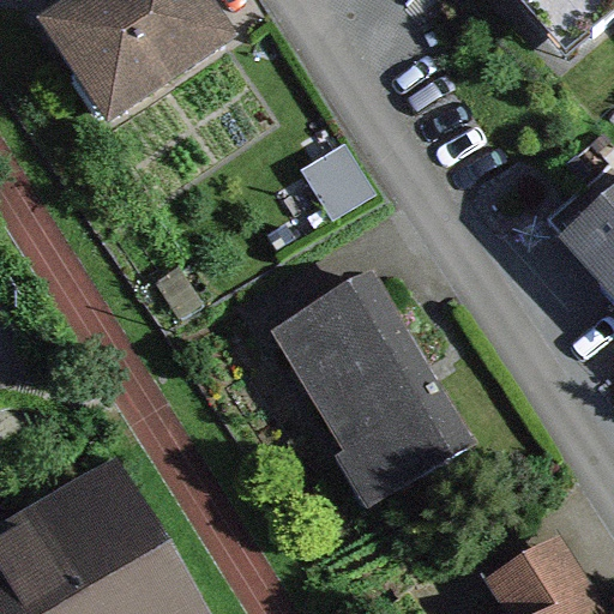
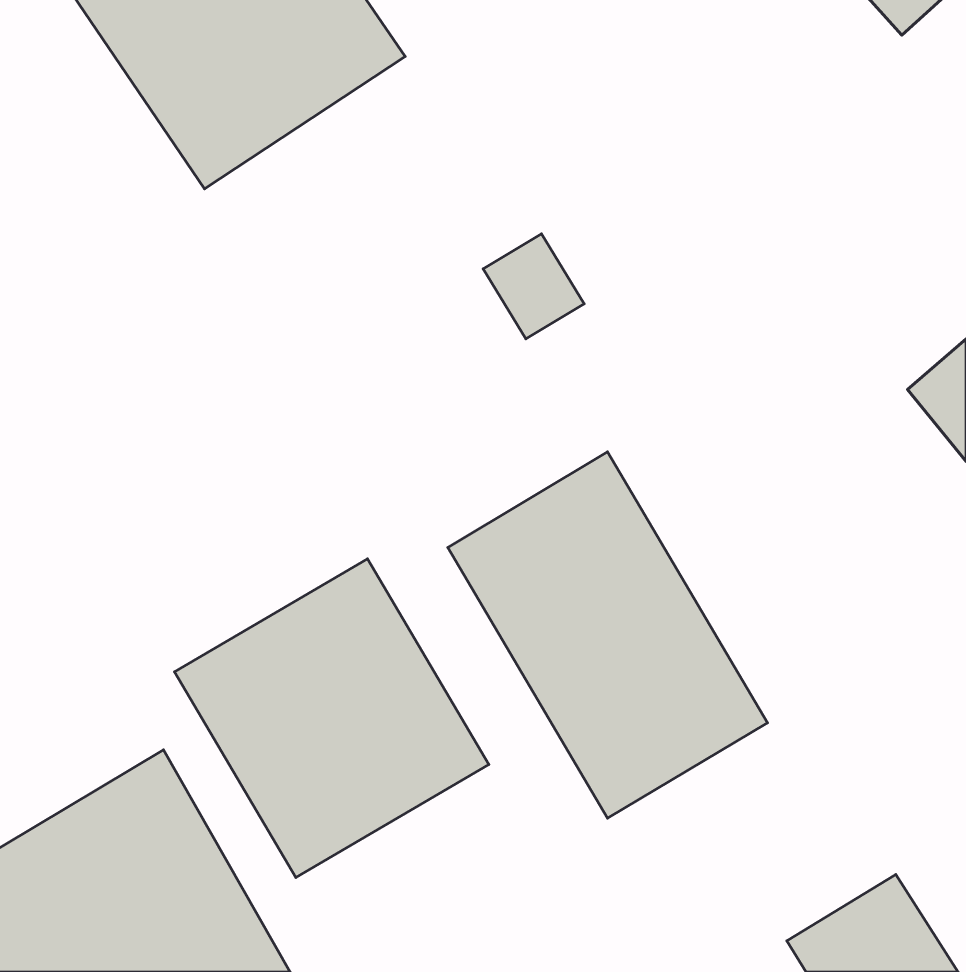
building: none -> [175,559,489,878]

